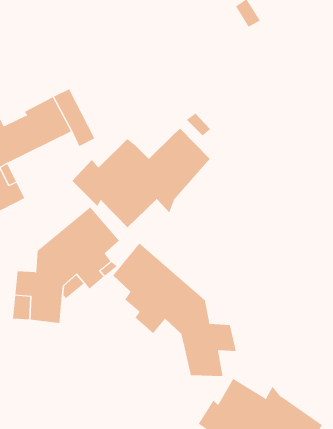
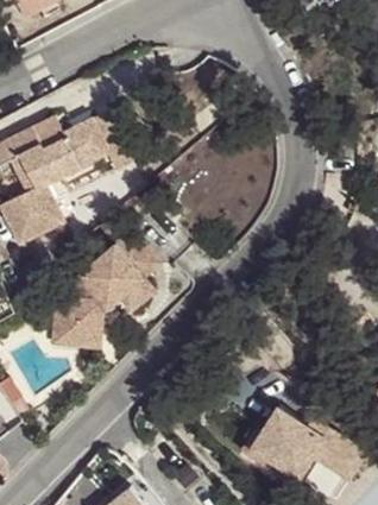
building: [71,128,211,228] -> none
building: [112,243,236,377] -> none

